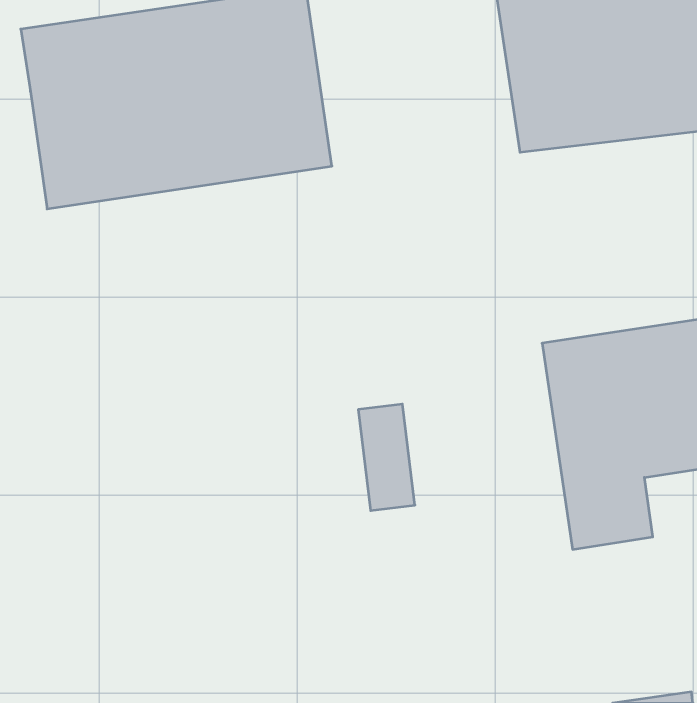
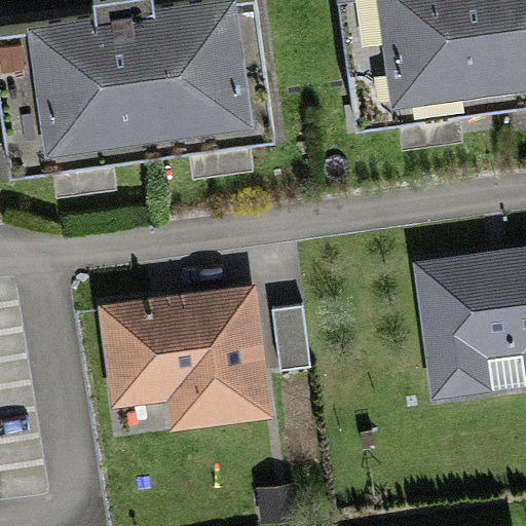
building: none -> [104,289,275,440]

